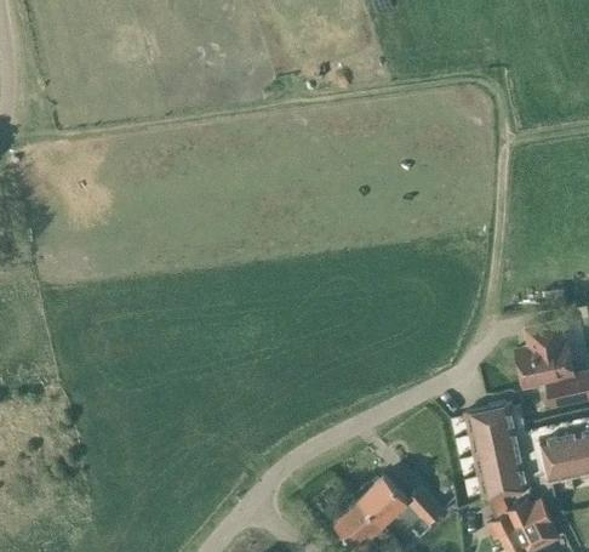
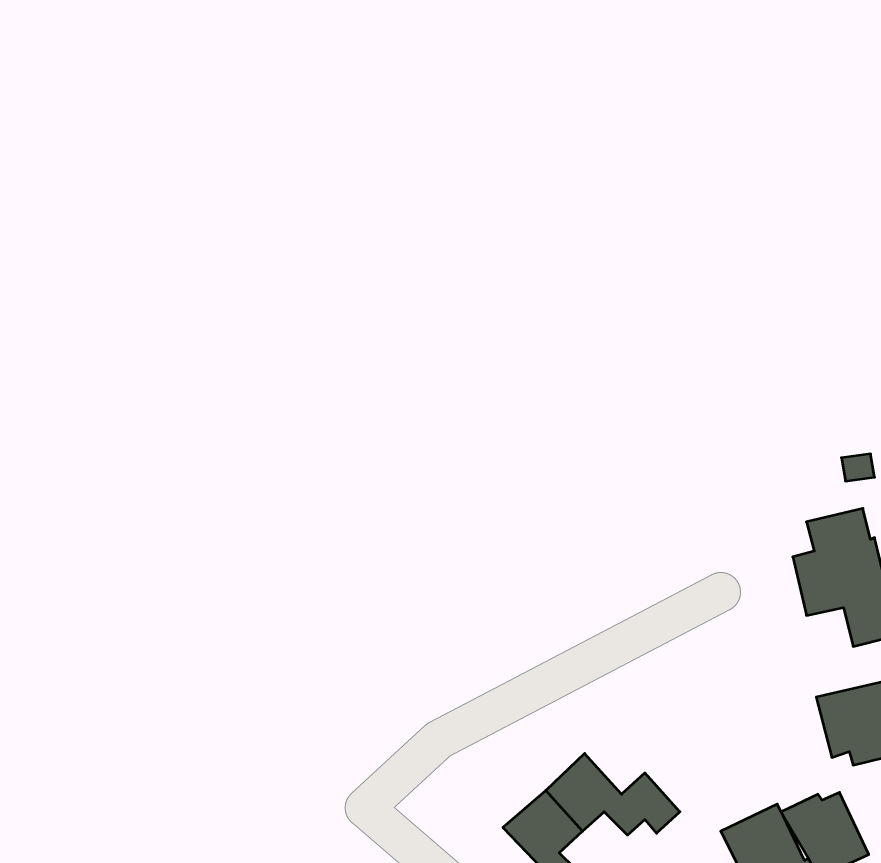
building: [465,406,531,501] -> none

